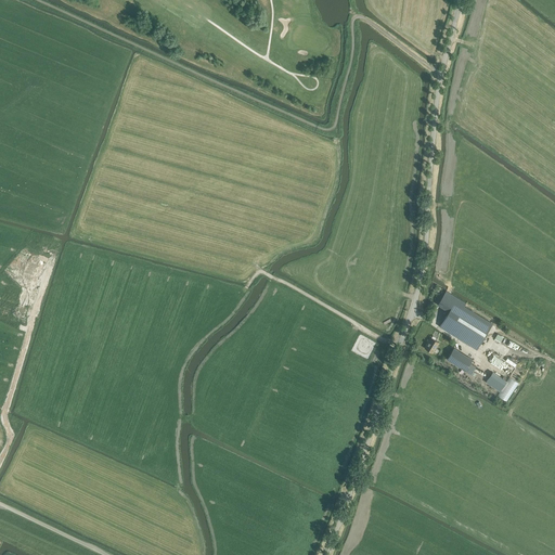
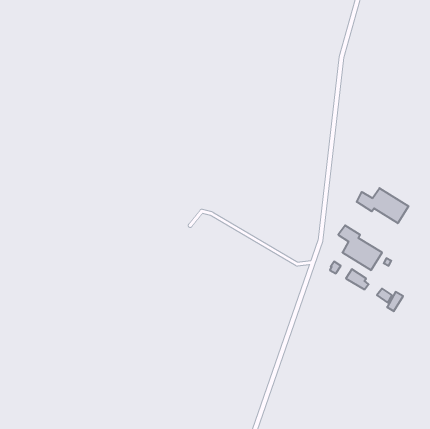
building: none -> [357,188,408,223]

